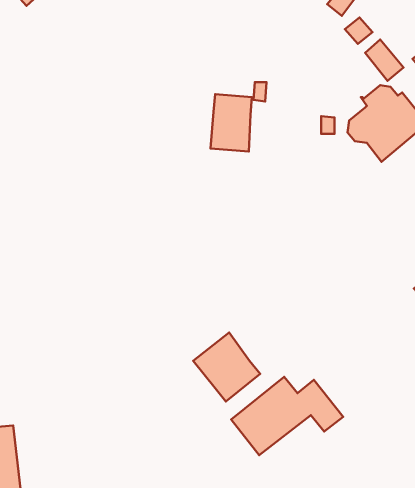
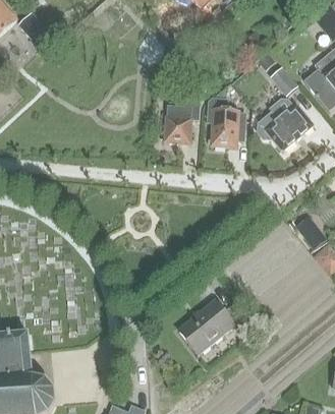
building: none -> [206,97,239,146]
building: [193,332,260,401] -> none

